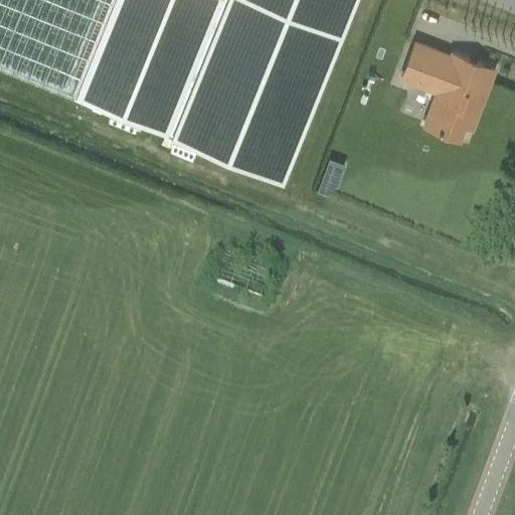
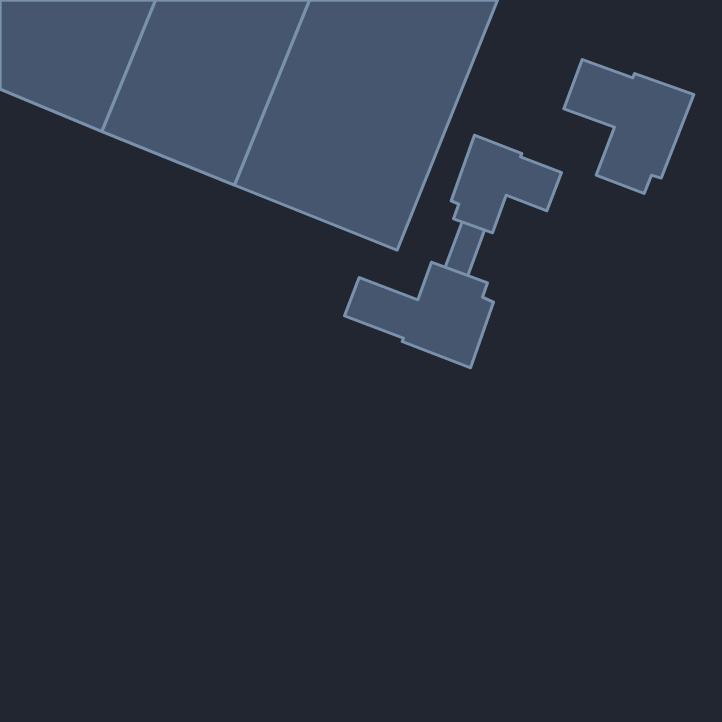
building: none -> [451,135,561,233]
building: none -> [345,262,493,368]

